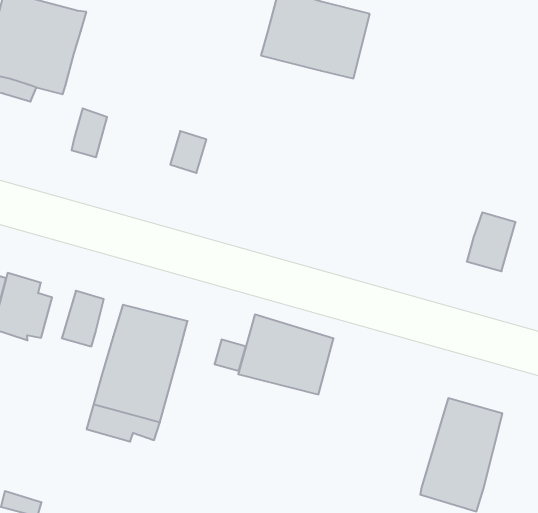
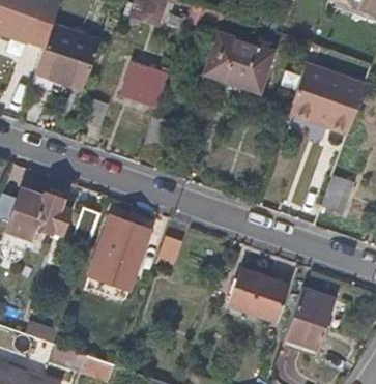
building: none -> [289,64,365,131]
building: none -> [121,62,167,105]
building: [238,315,334,394] -> [231,268,290,319]

